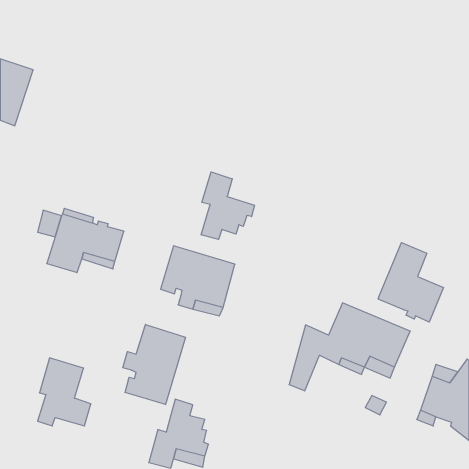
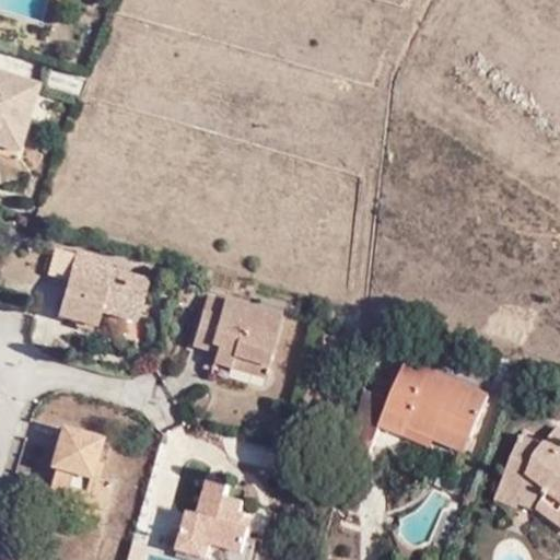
building: [201,172,255,239] -> none
building: [378,243,444,322] -> none
building: [123,324,185,405] -> none

